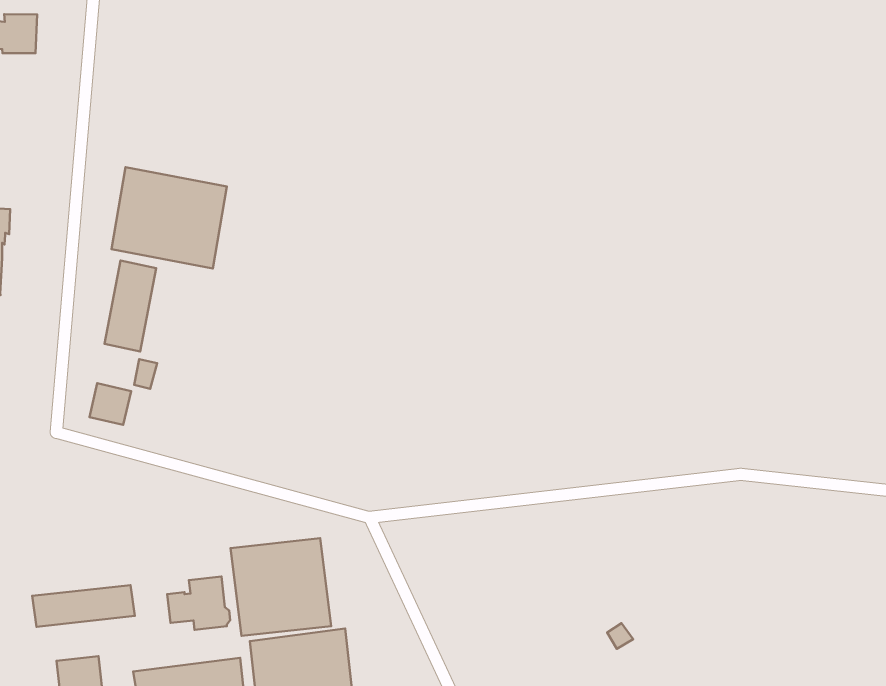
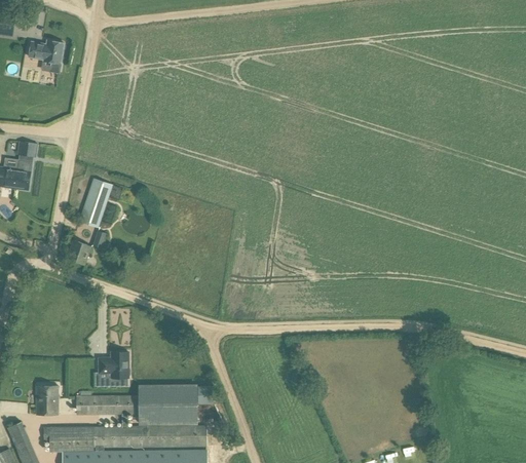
building: [111,167,227,269] -> none
building: [231,538,331,636] -> none
building: [32,585,135,627] -> none

